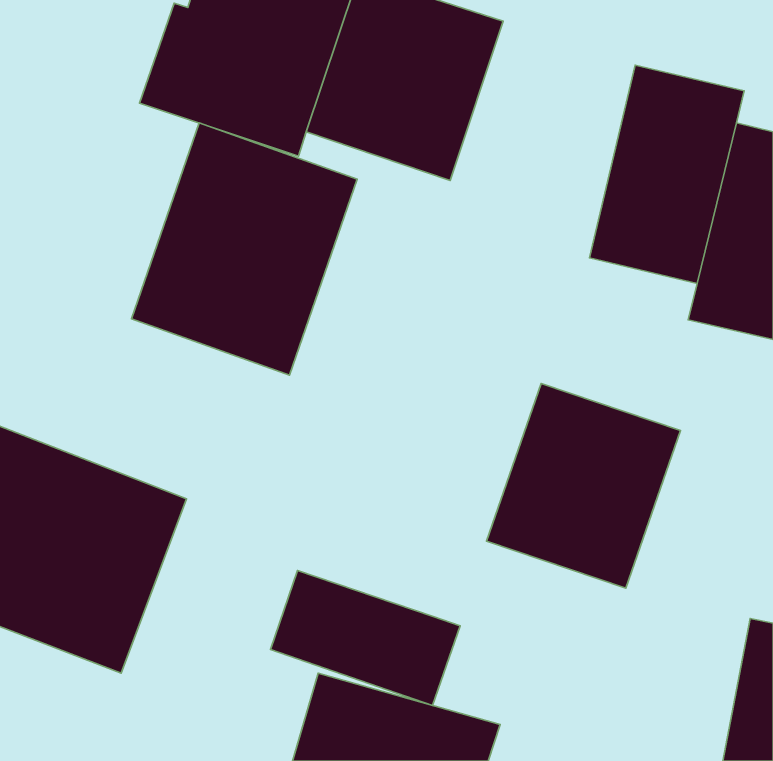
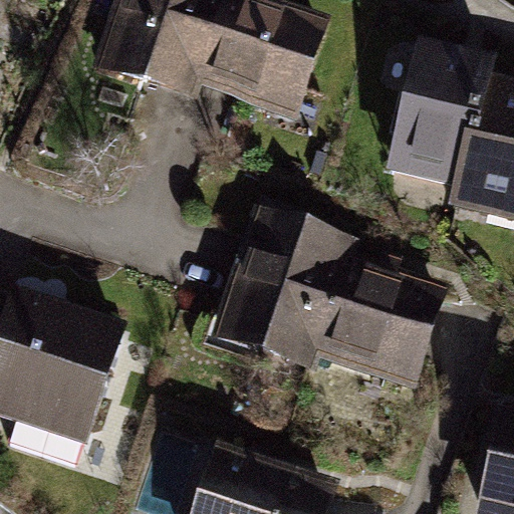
building: [131,123,357,375] -> none
building: none -> [210,203,363,372]
building: [271,571,460,705] -> none

